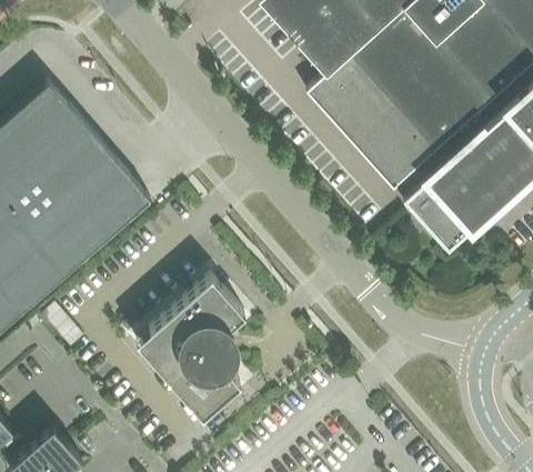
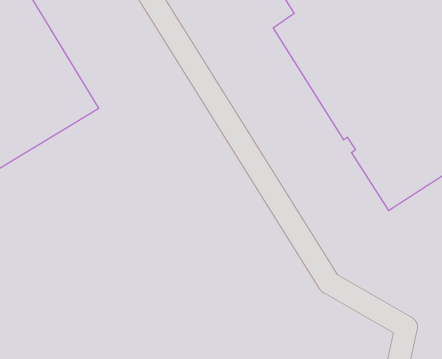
building: [137,278,245,419] -> none

